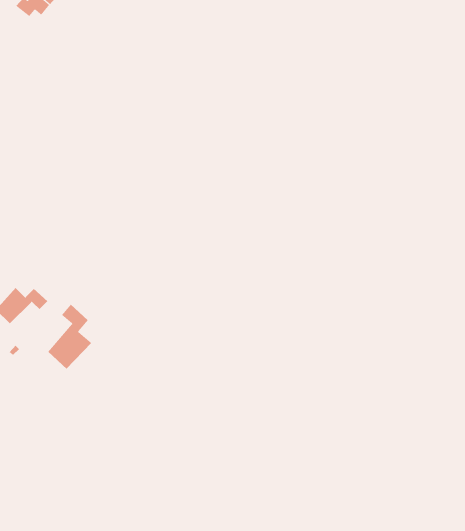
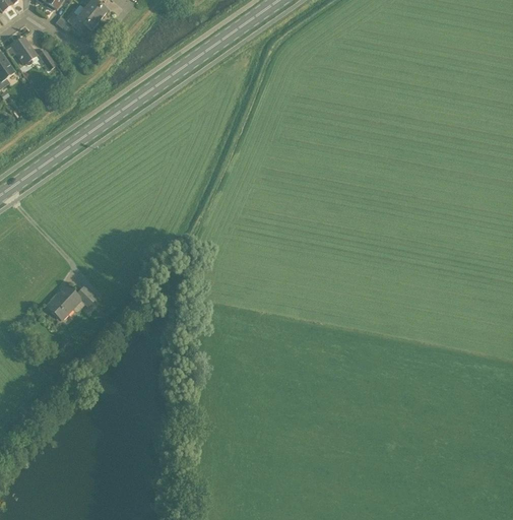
building: [47,304,92,370] -> none

